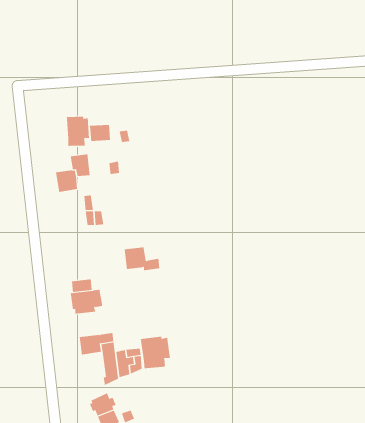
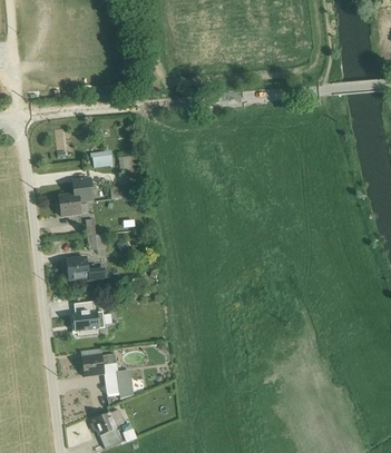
building: [66,116,90,147] -> none
building: [124,247,160,271] -> [66,257,101,280]
building: [140,336,171,369] -> none

